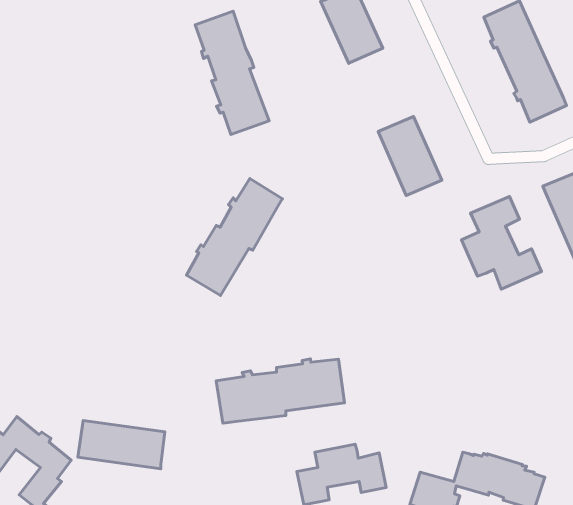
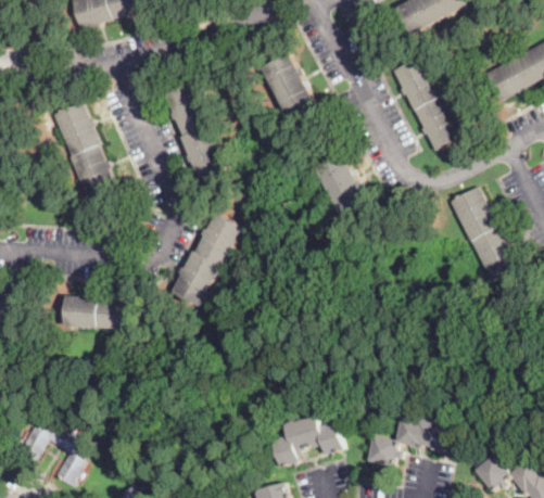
building: none -> [51,101,114,199]
building: [461,197,541,289] -> none
building: [216,359,344,423] -> none
building: [78,421,165,469] -> [63,295,130,329]

